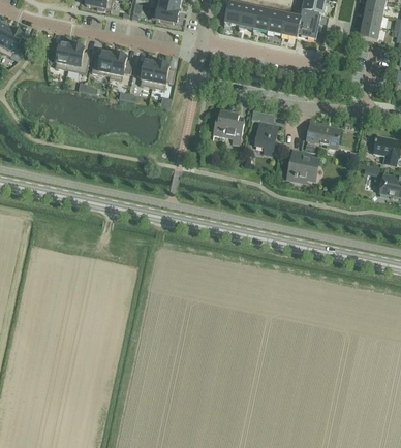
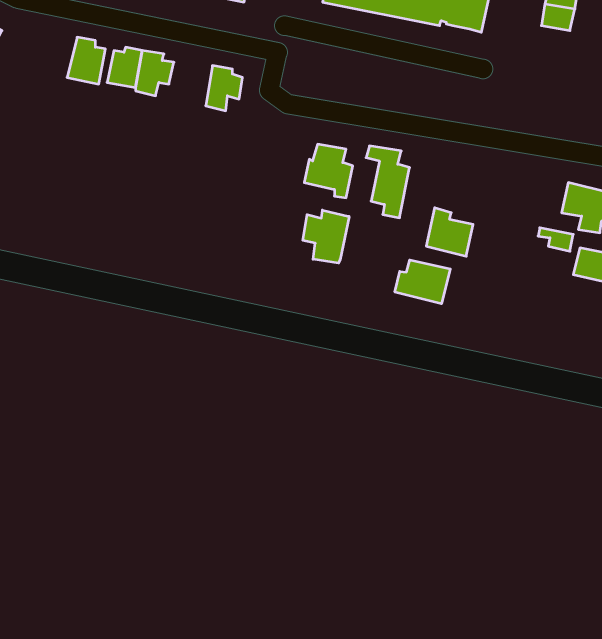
building: [50,41,72,68] -> none
building: [134,58,156,86] -> none
building: [306,122,340,148] -> none
building: none -> [303,210,349,263]
building: none -> [395,260,450,304]

